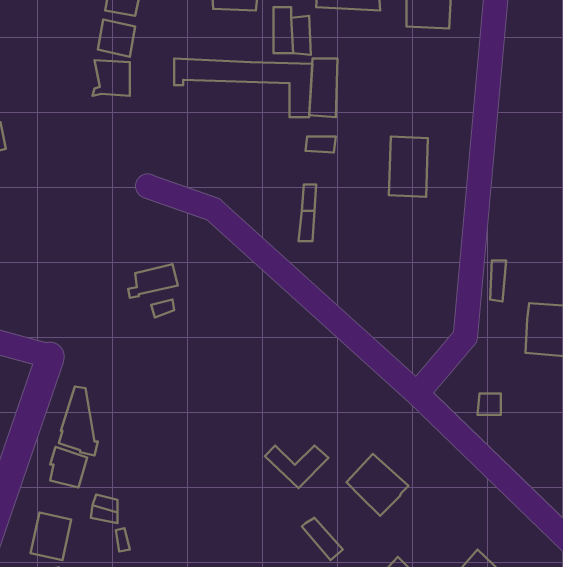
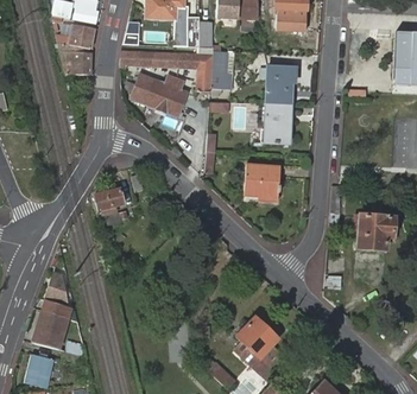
building: none -> [265,66,291,104]
building: none -> [129,76,185,117]
building: none -> [242,165,280,202]
building: [265,445,329,488] -> [238,344,280,373]

